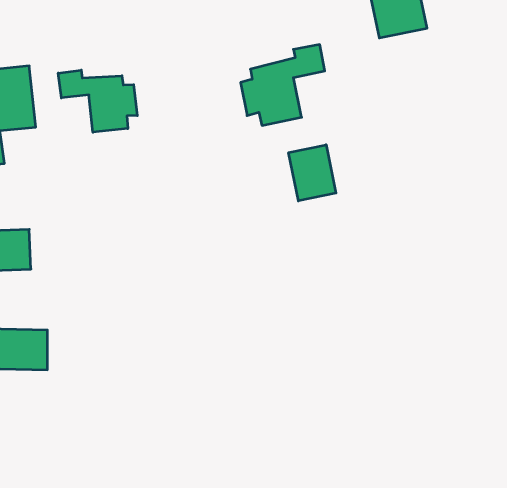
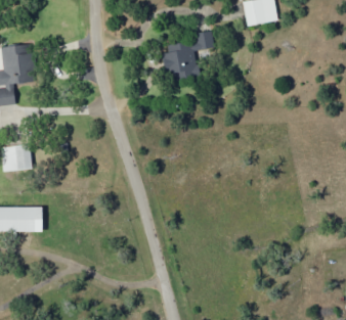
building: [58,70,137,132] -> none
building: [289,145,336,201] -> none

